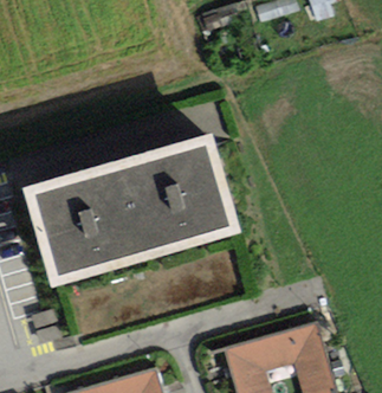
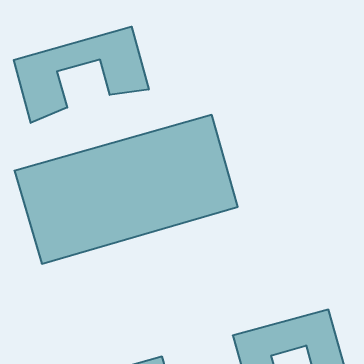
building: none -> [14,27,149,123]

